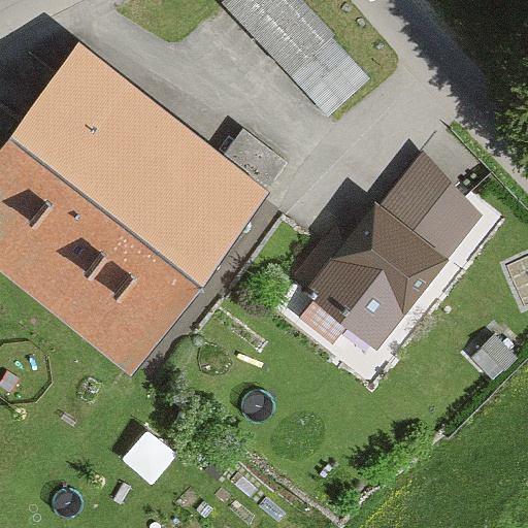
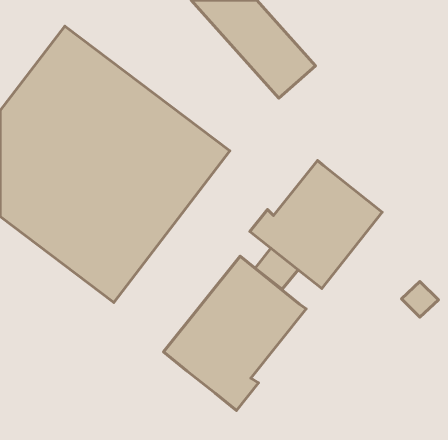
building: [381,154,478,259] -> none
building: none -> [163,256,306,410]

